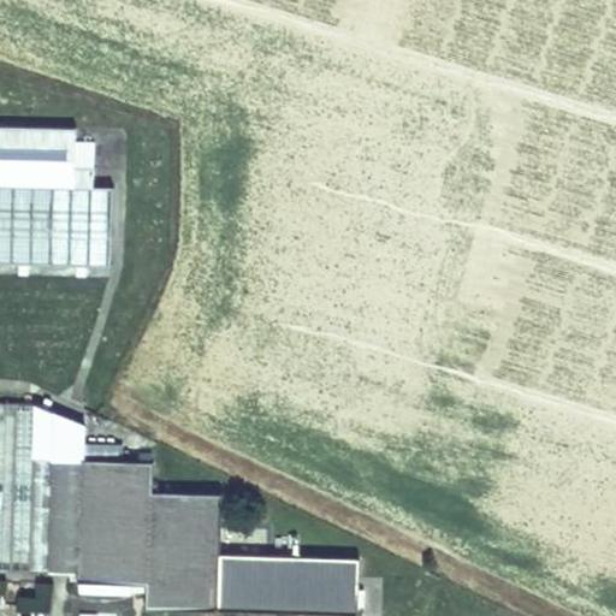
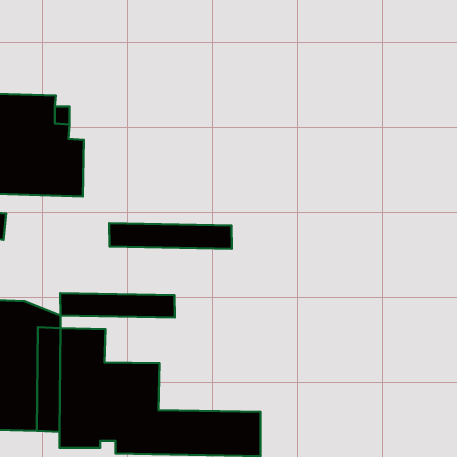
building: none -> [109,223,232,249]
building: none -> [60,293,175,318]

